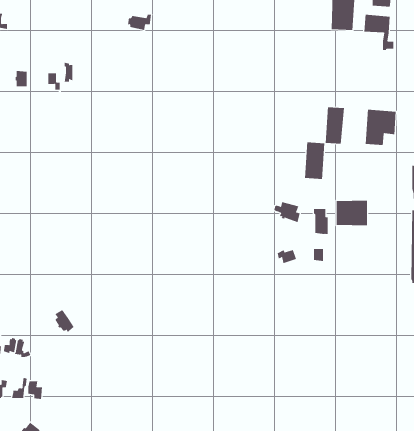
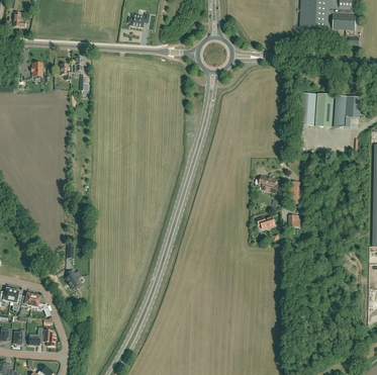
building: [304,142,325,179] -> [314,94,333,126]
building: [336,200,367,226] -> none

